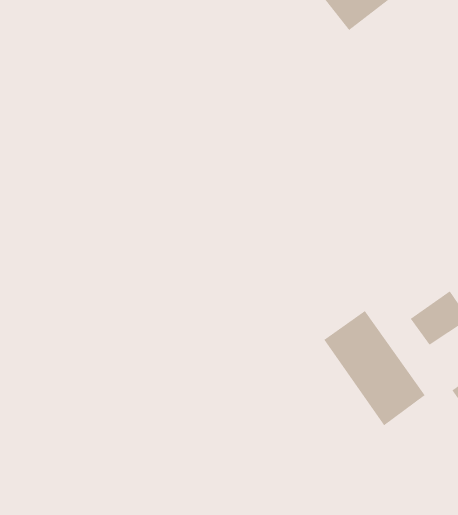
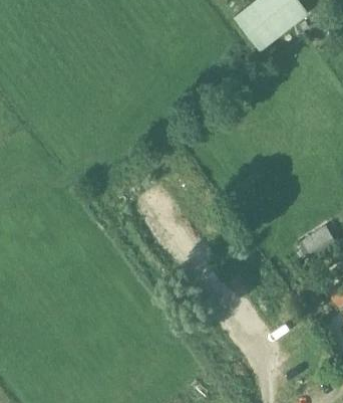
building: [323,310,426,426] -> none

